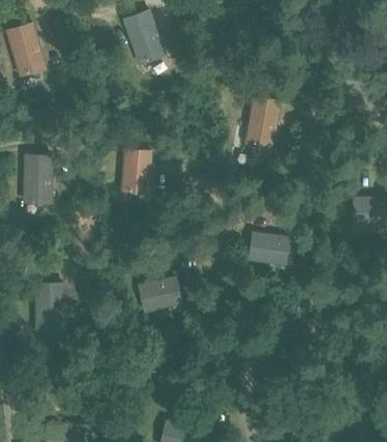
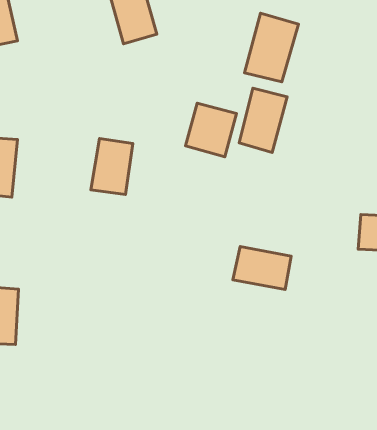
building: none -> [244,13,298,82]
building: none -> [186,103,237,157]
building: [138,276,183,314] -> none

